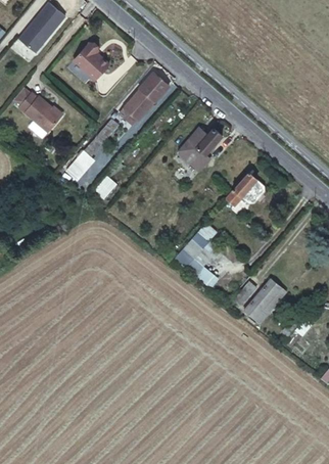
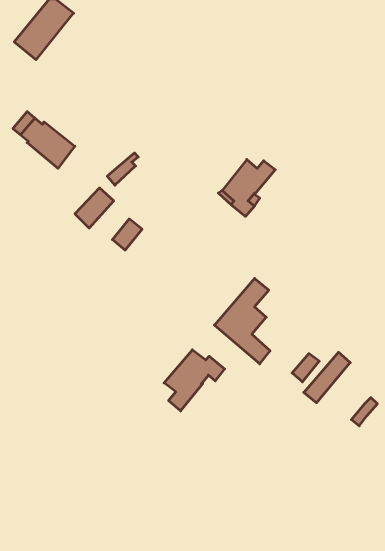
building: [73,42,109,79] -> none
building: [120,73,169,125] -> none
building: [228,173,265,204] -> none
building: none -> [164,350,225,411]

